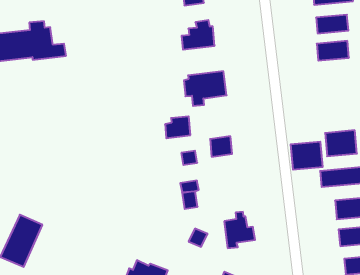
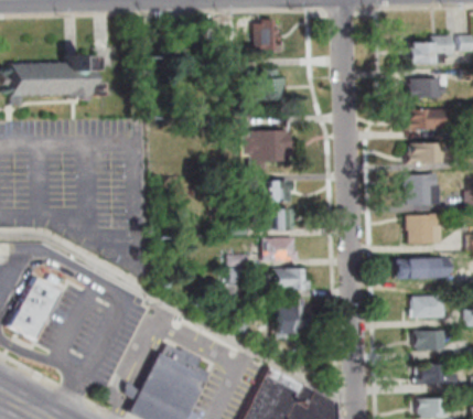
building: none -> [405,143,440,163]
building: [165,116,190,138] -> [264,181,292,204]
building: [291,142,323,170] -> [402,175,438,205]
building: none -> [265,238,300,262]
building: none -> [269,270,312,292]

